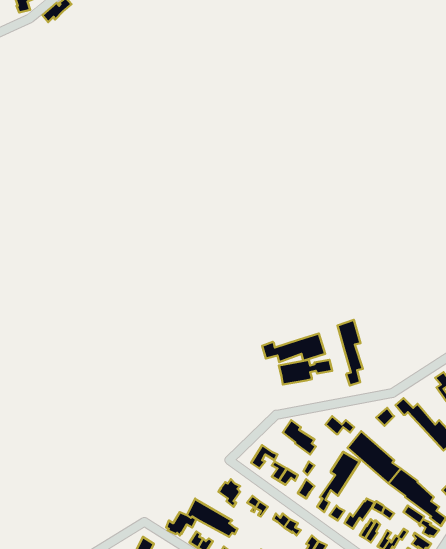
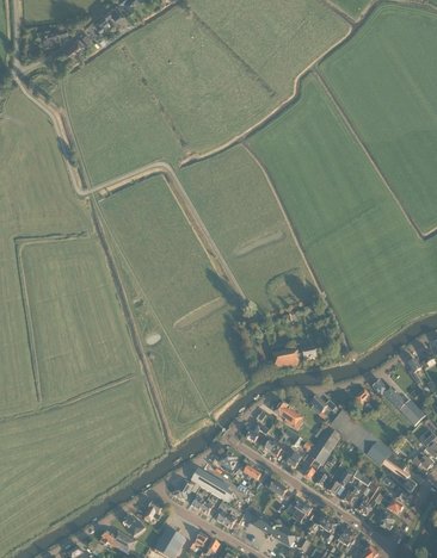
building: [337,320,363,386] -> none
building: [262,333,325,362] -> none

